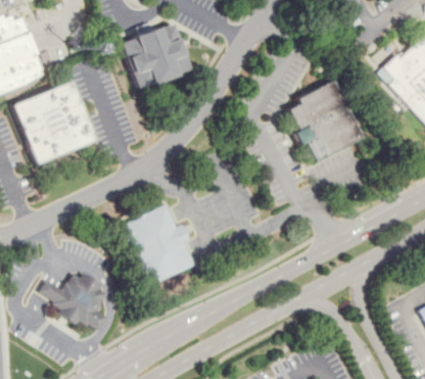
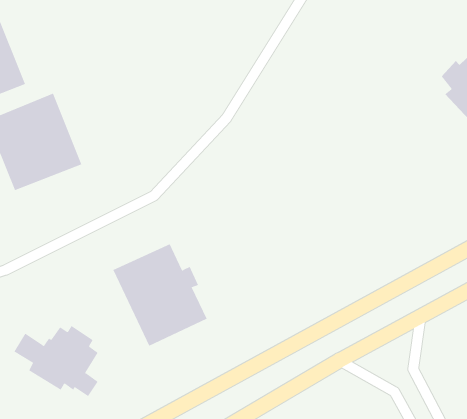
building: [116,16,191,90] -> none
building: [289,85,357,157] -> none

